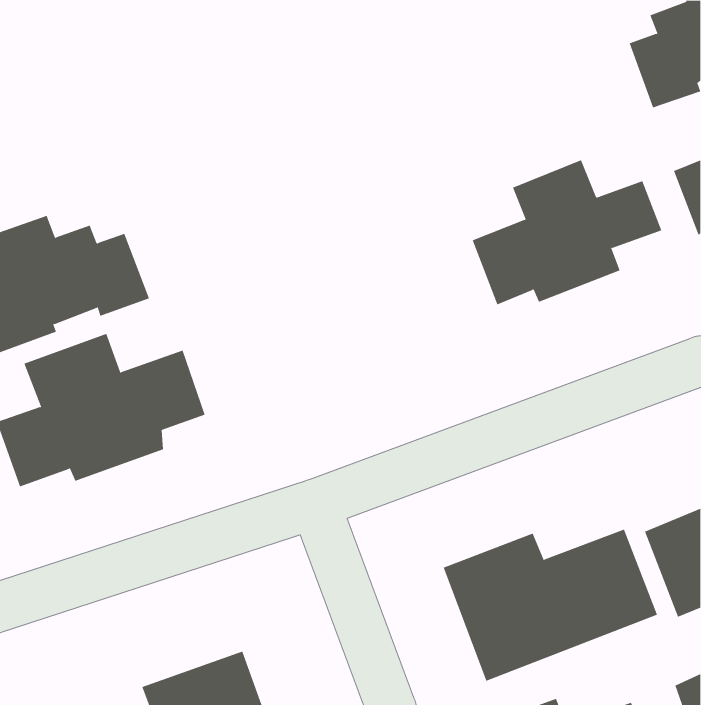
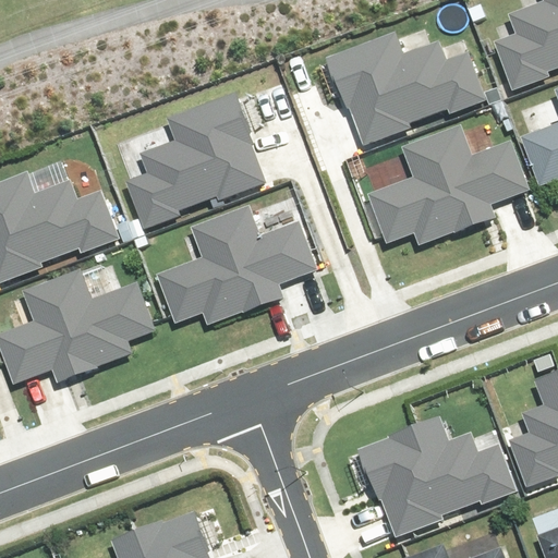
building: none -> [331,33,485,143]
building: none -> [133,98,267,227]
building: none -> [163,211,313,326]

